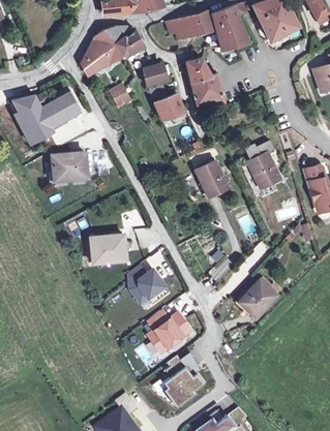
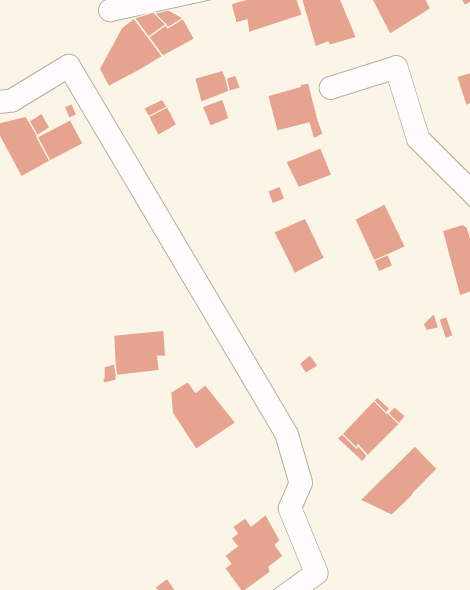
building: [186,58,212,82] -> none
building: [153,94,183,120] -> [286,148,332,187]
building: [52,152,87,181] -> none
building: none -> [360,446,437,515]
building: [147,311,190,352] -> none

